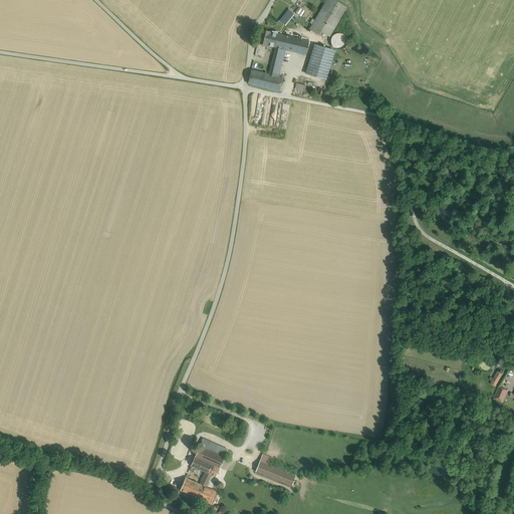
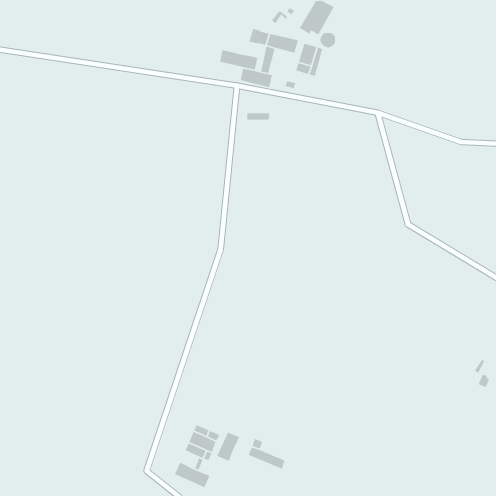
building: none -> [219,49,258,71]
building: none -> [216,431,240,462]

